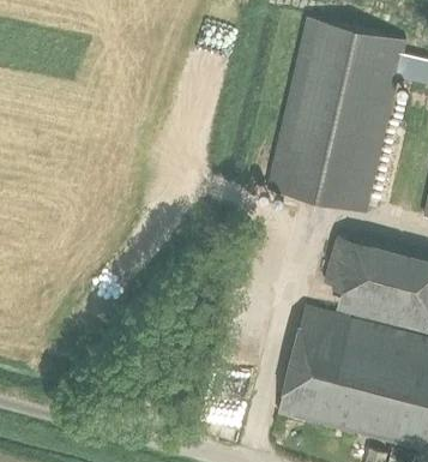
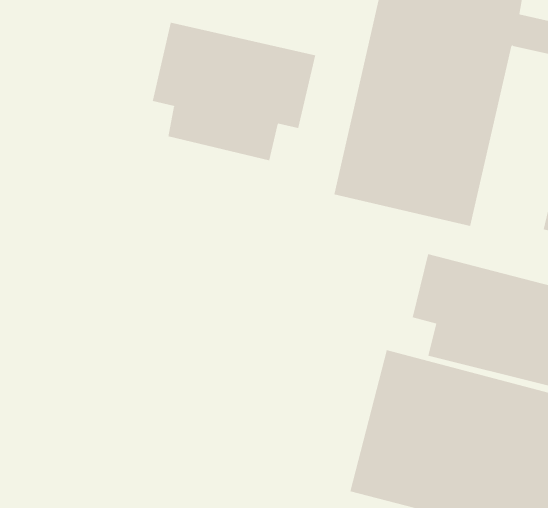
building: none -> [152,22,316,161]

